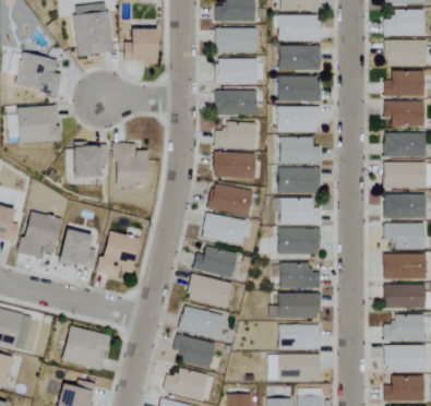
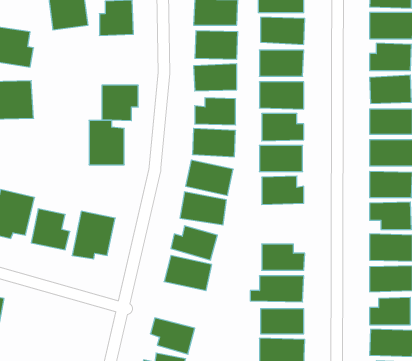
building: [73,144,108,178] -> [102,85,138,121]
building: [278,228,320,255] -> none
building: [179,306,224,338] -> none
building: [62,327,109,369] -> none

